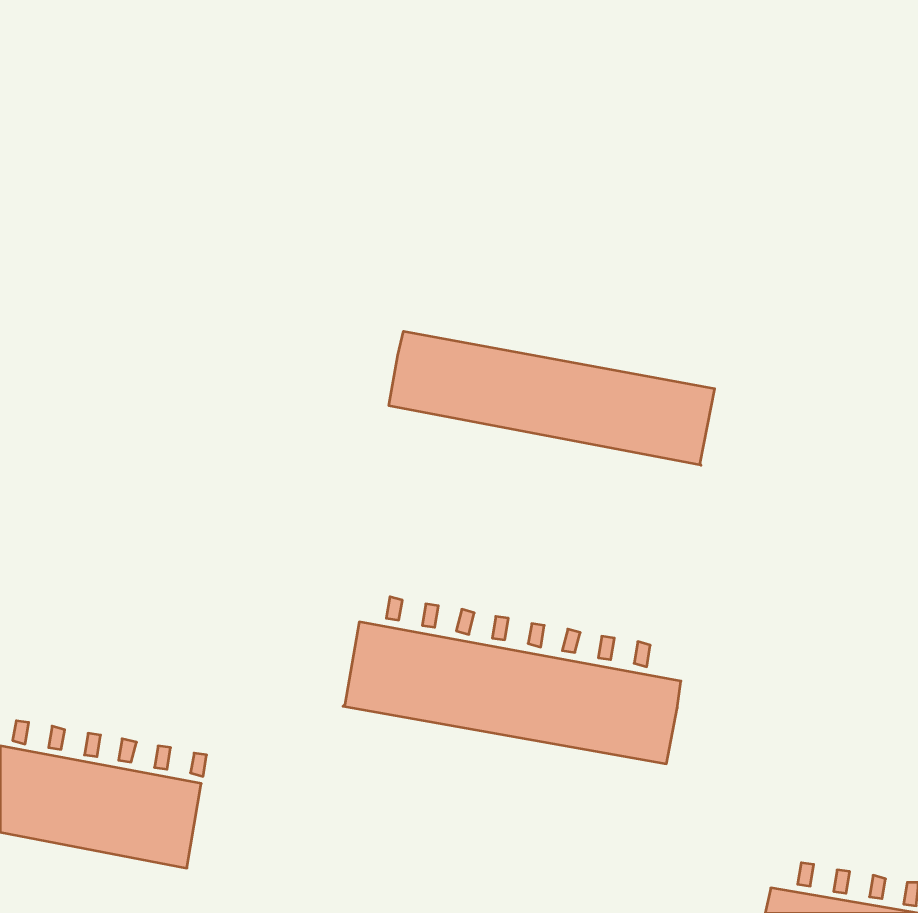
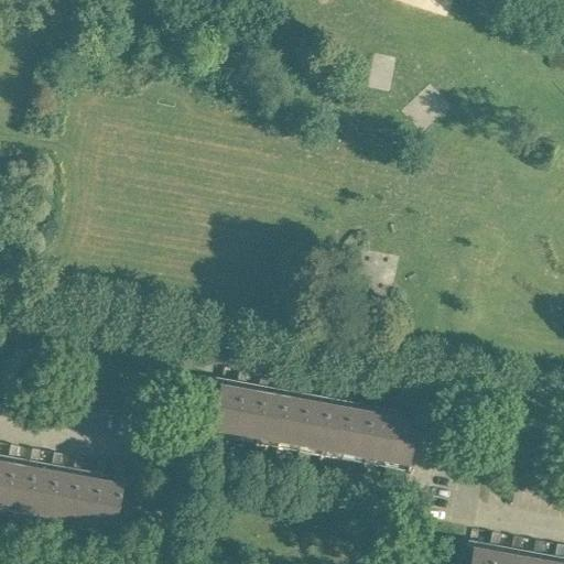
building: [389,331,715,465] -> none

